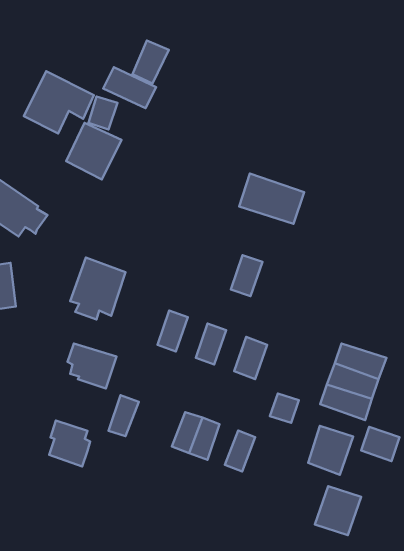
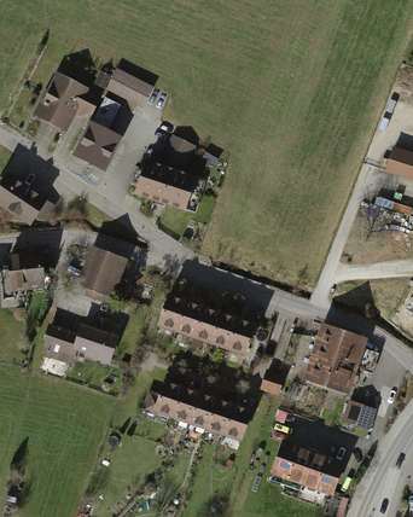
building: [133,40,169,83] -> none
building: none -> [162,135,197,168]
building: [239,174,304,224] -> [135,159,194,205]
building: [231,255,262,296] -> [209,309,238,347]
building: none -> [23,245,46,287]
building: none -> [174,297,203,335]
building: [108,395,139,436] -> [155,378,182,416]
building: [49,420,90,467] -> [42,321,80,364]
building: none -> [203,395,231,432]
building: [308,426,353,475] -> [272,442,313,487]

